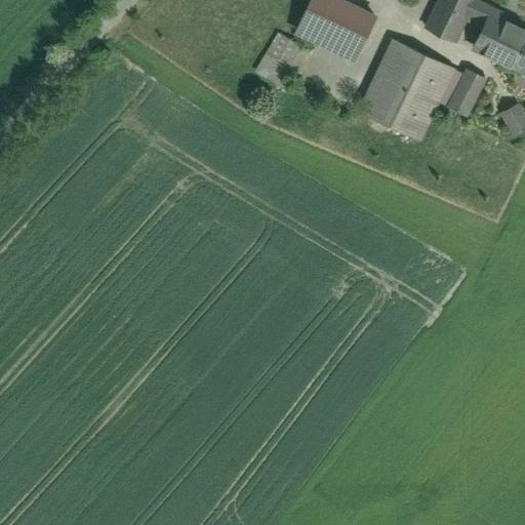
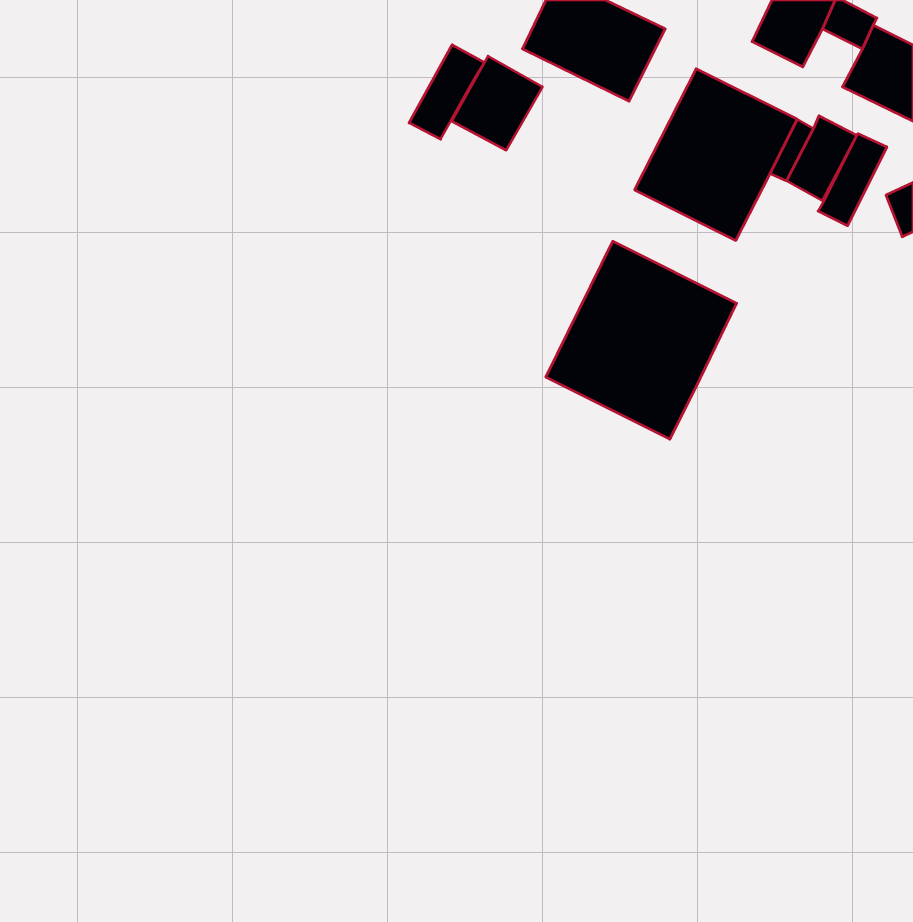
building: none -> [409,45,484,139]
building: none -> [818,134,887,226]
building: none -> [546,241,737,439]

